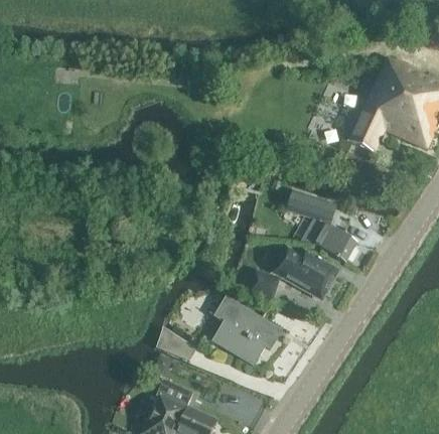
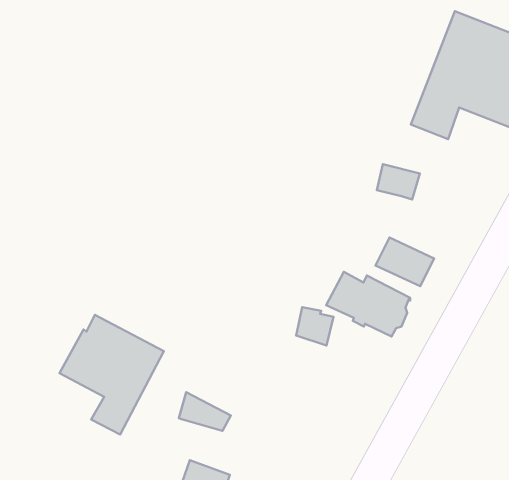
building: [286,190,319,219] -> [377,164,420,199]
building: none -> [59,315,164,434]
building: [212,300,280,365] -> none

